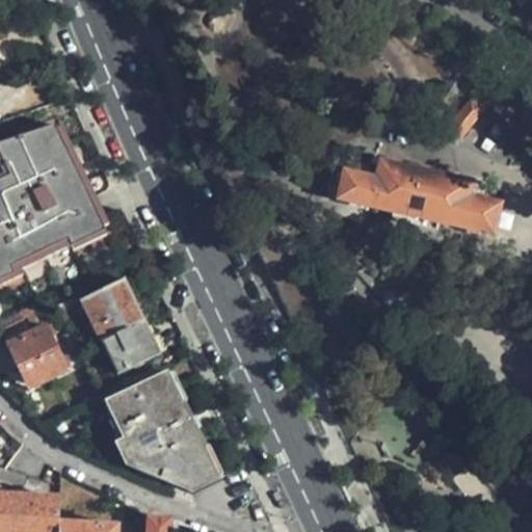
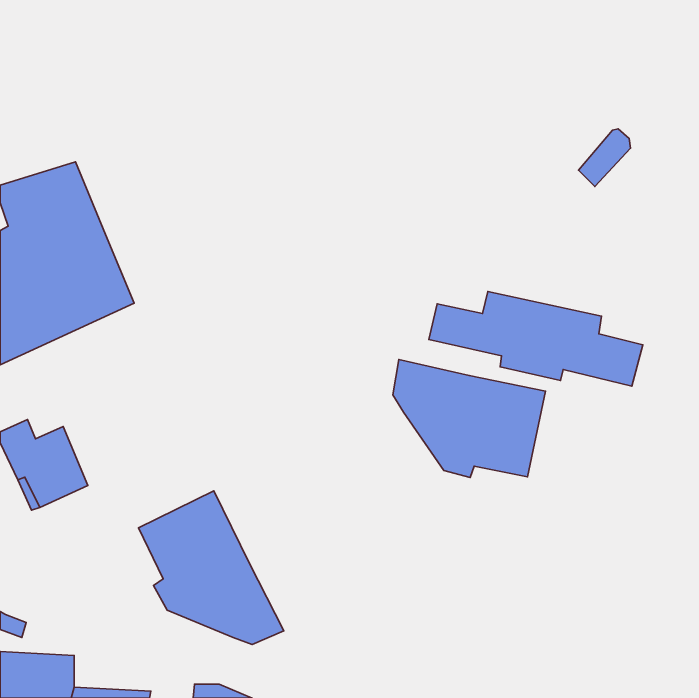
building: [336,160,498,232] -> [429,291,643,386]
building: none -> [393,359,545,478]
building: [82,280,158,373] -> none

